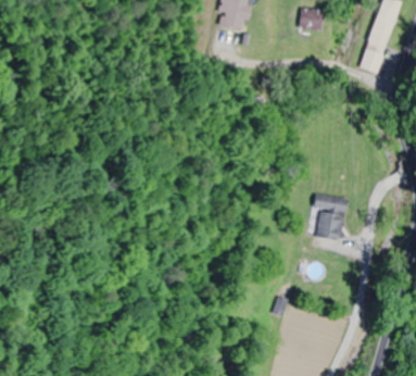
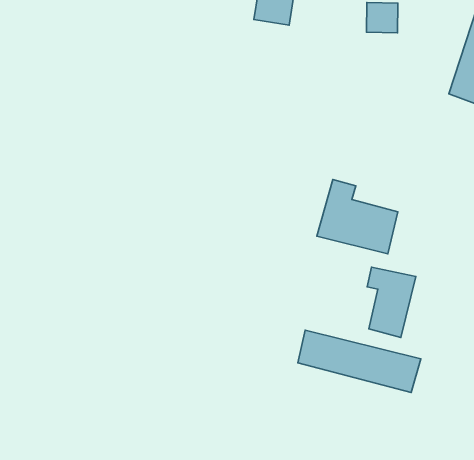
building: none -> [317,180,398,254]
building: none -> [298,330,421,393]

